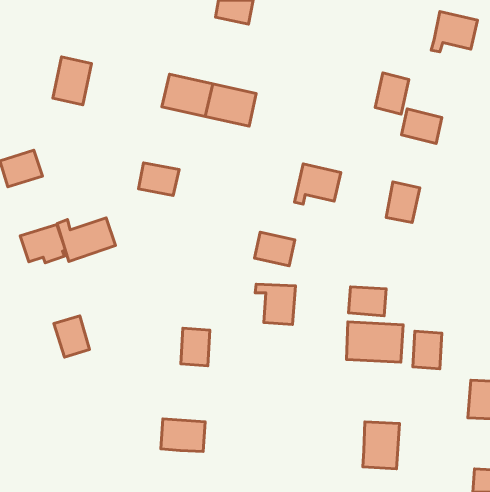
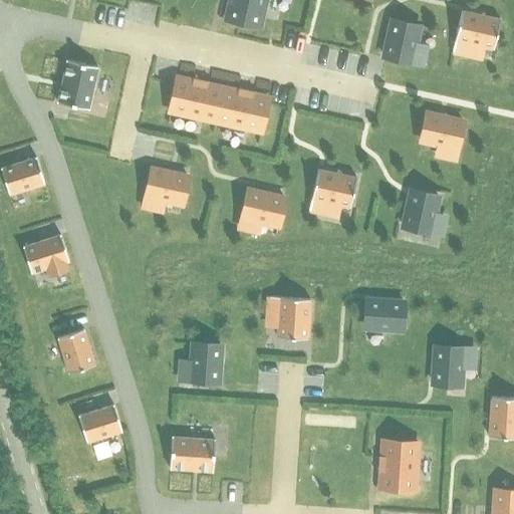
building: [375,73,409,114] -> [384,20,420,63]
building: [57,218,115,261] -> none
building: [254,232,295,266] -> [243,190,285,225]
building: [346,322,403,362] -> none
building: none -> [78,404,122,442]

